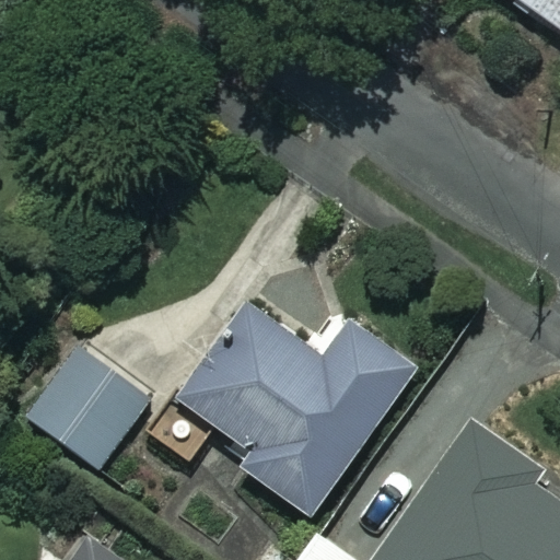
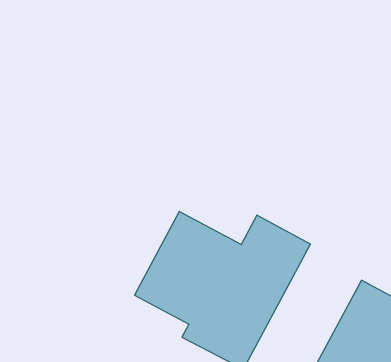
building: [26,349,147,468] -> none

